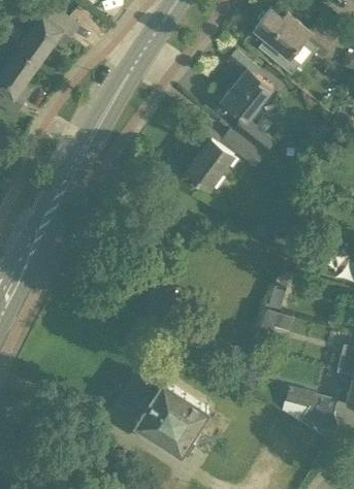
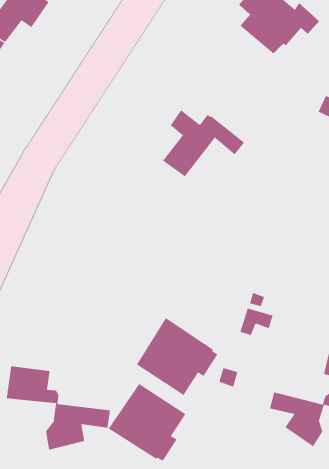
building: [220,52,273,156] -> none
building: none -> [136,317,218,396]
building: none -> [6,366,110,451]

